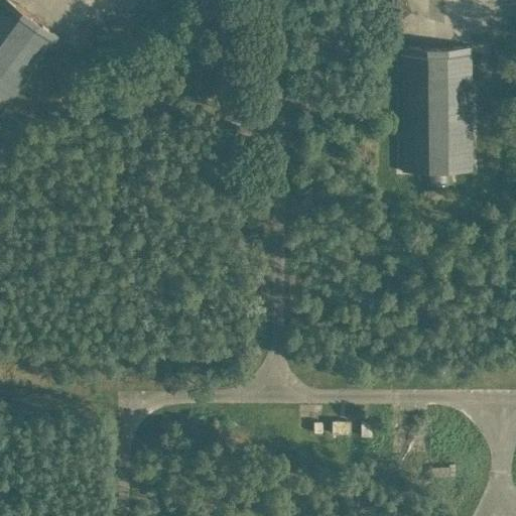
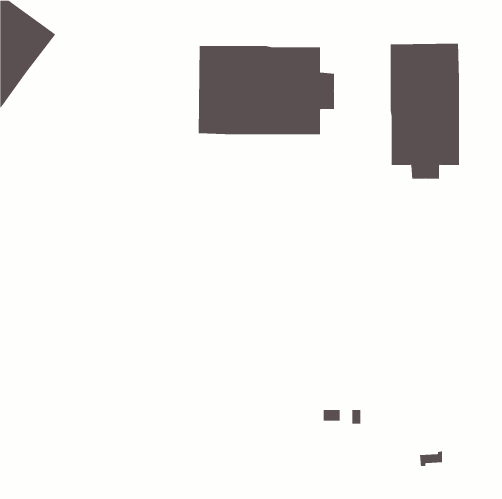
building: none -> [198,45,334,135]

